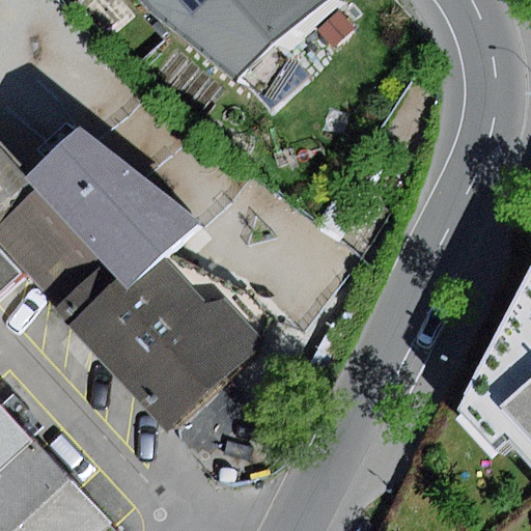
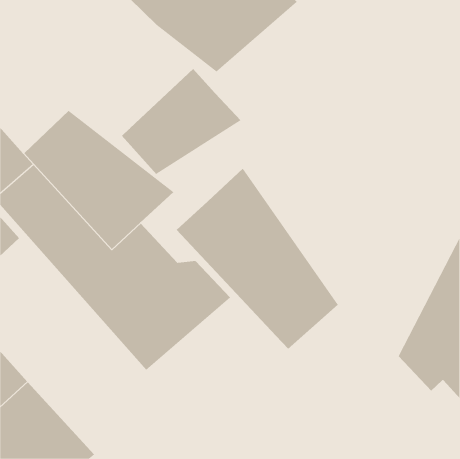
building: none -> [121,68,241,175]
building: none -> [176,168,338,350]

